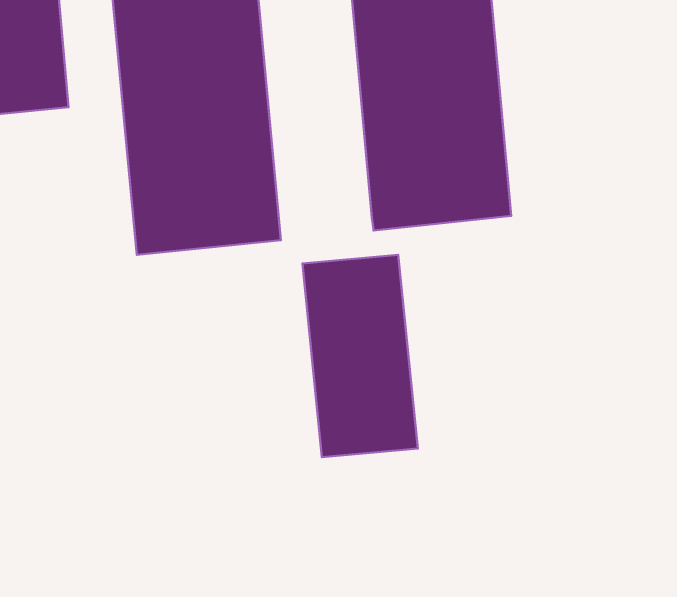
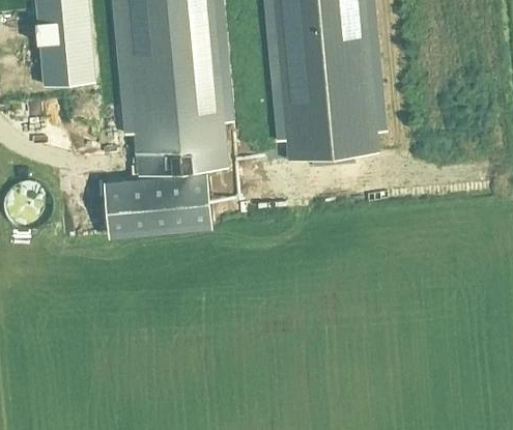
building: none -> [102,173,209,240]
building: [302,255,418,457] -> none

